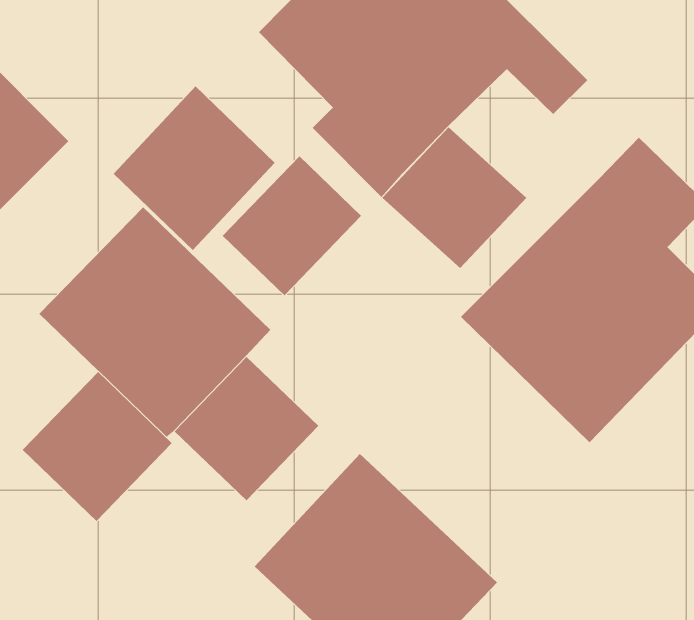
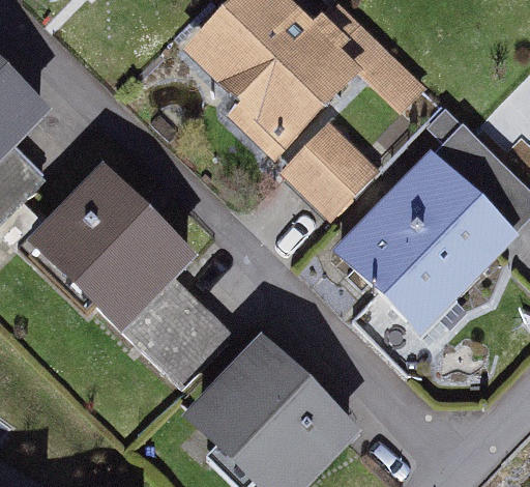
building: [113,86,275,251] -> none
building: [222,156,362,296] -> none
building: [22,371,173,522] -> none

